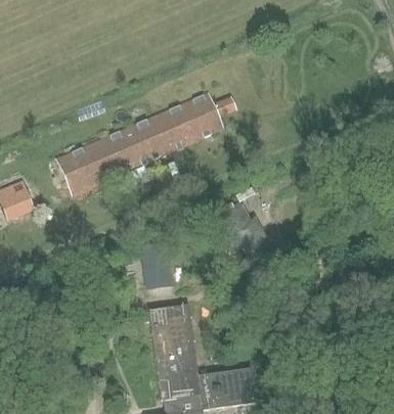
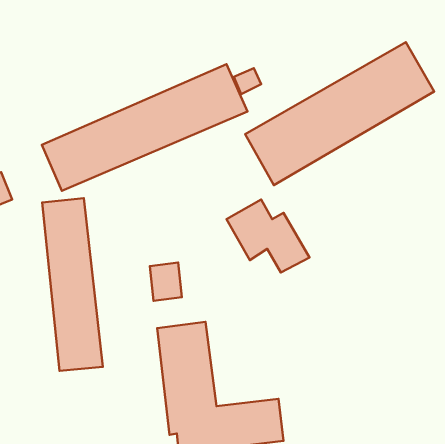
building: none -> [245,42,434,185]
building: none -> [42,198,103,371]

